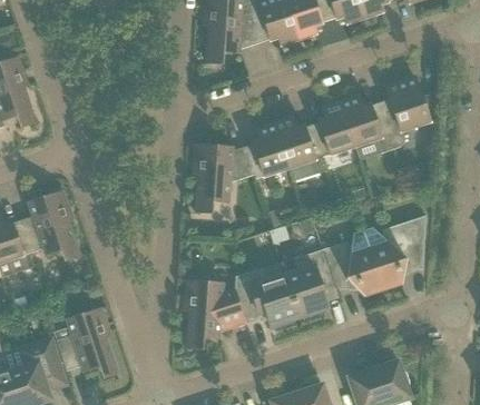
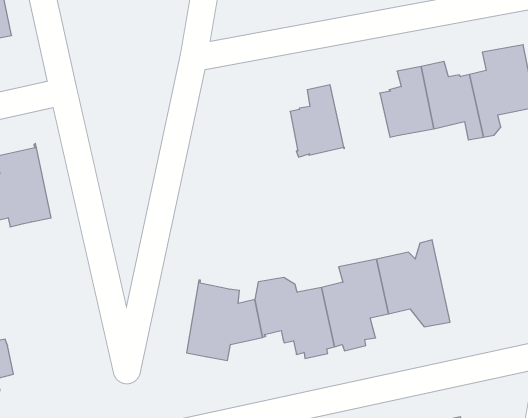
building: [274,117,326,181] -> none
building: [197,142,255,201] -> none
building: [363,215,427,290] -> none
building: [57,307,114,372] -> none

